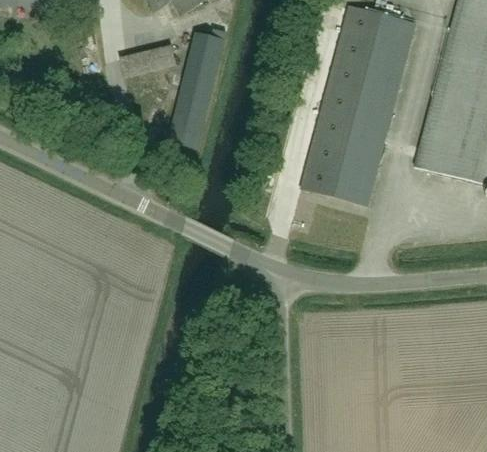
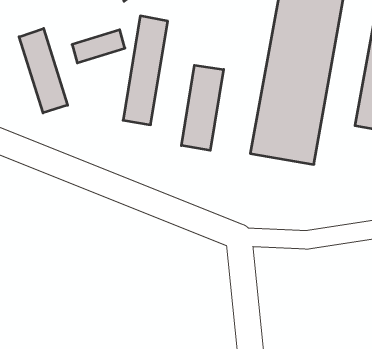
building: none -> [19,28,68,113]
building: none -> [181,65,224,150]

